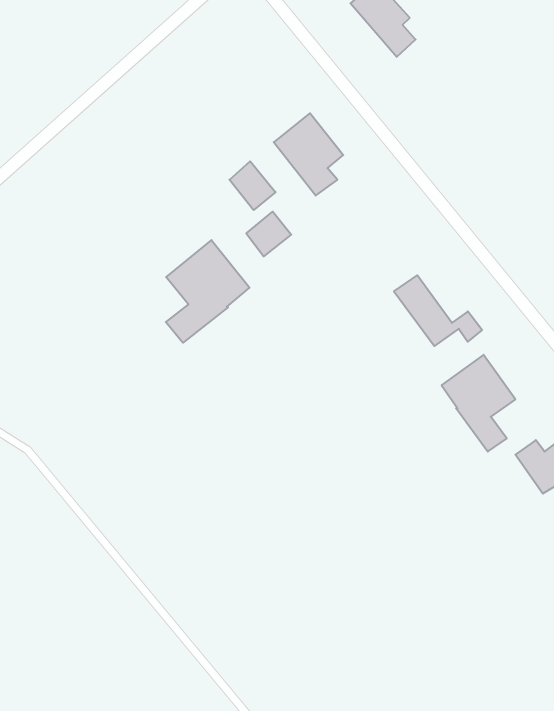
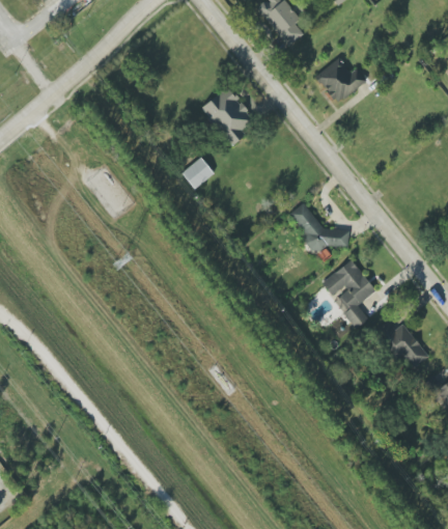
building: none -> [315,57,367,104]
building: [229,161,276,210] -> none
building: [166,240,249,343] -> none

